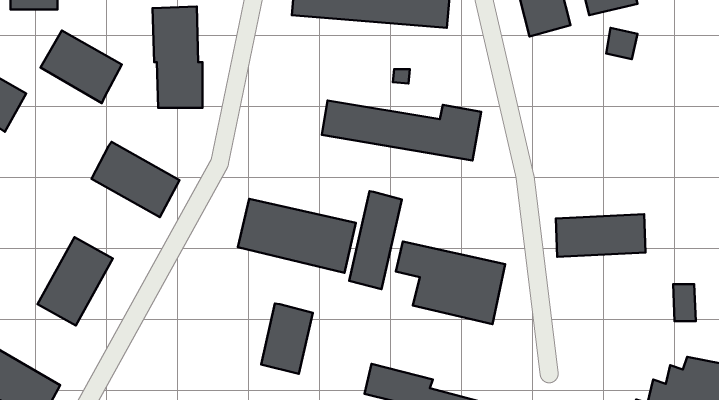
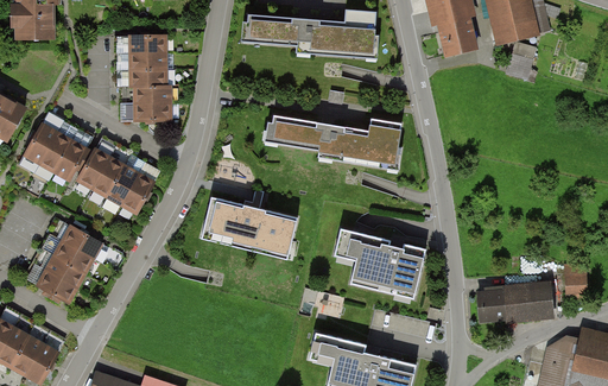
building: [41,30,122,103] -> [26,122,94,183]
building: [349,191,402,289] -> none
building: [556,214,645,257] -> [475,284,550,319]
building: [261,304,313,374] -> none

